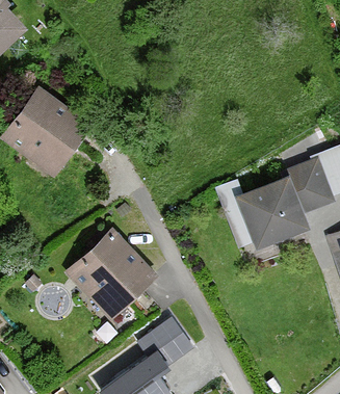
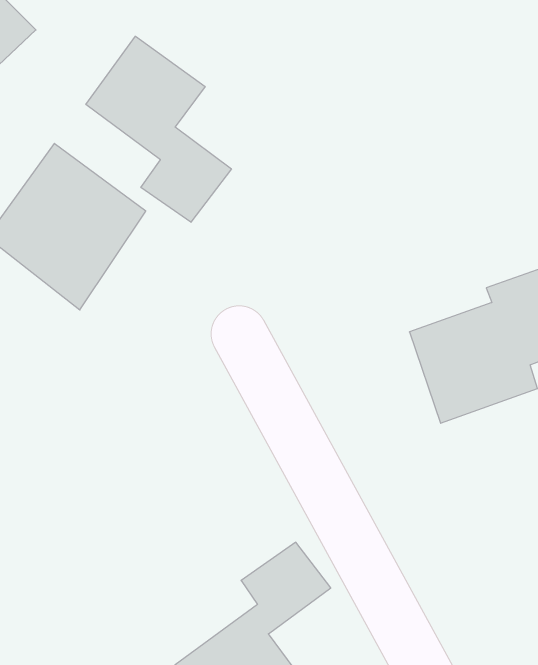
building: none -> [86,36,231,222]
building: [66,228,157,319] -> none

